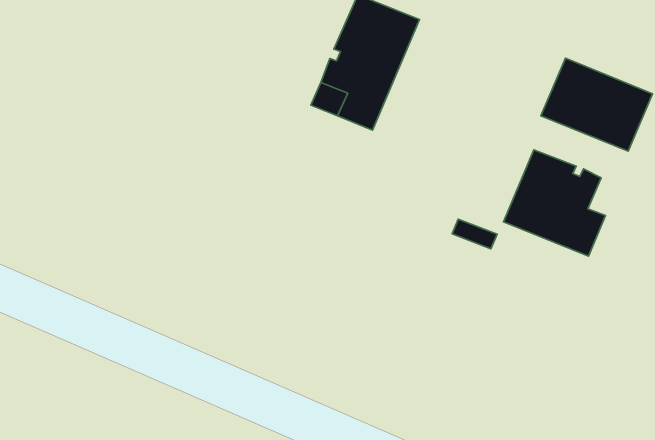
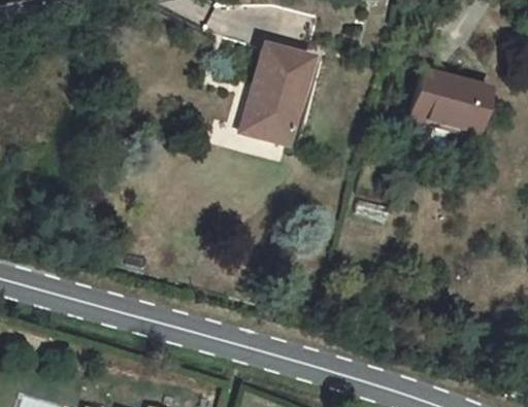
building: [504,150,605,256] -> none

